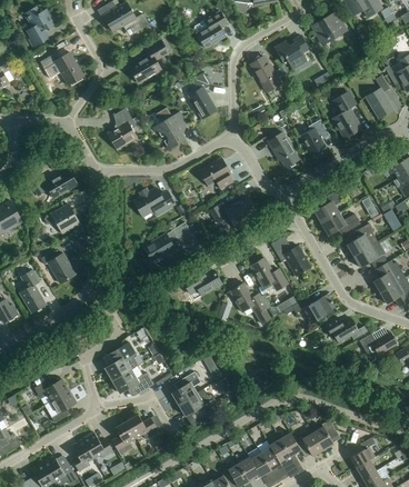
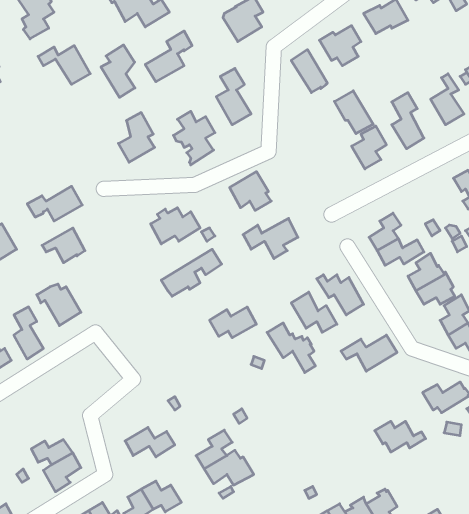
building: none -> [101,45,135,97]
building: [268,131,300,167] -> [334,91,373,134]
building: [326,317,368,342] -> [375,421,426,452]
building: [106,341,139,380] -> none

